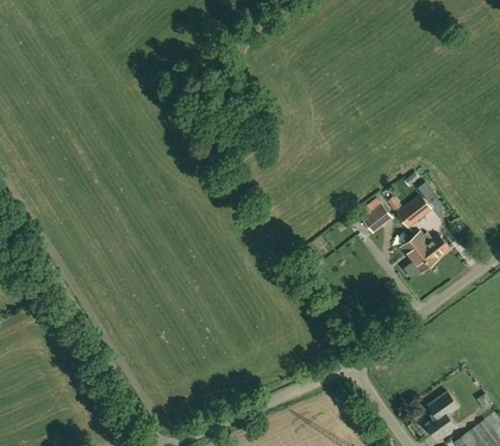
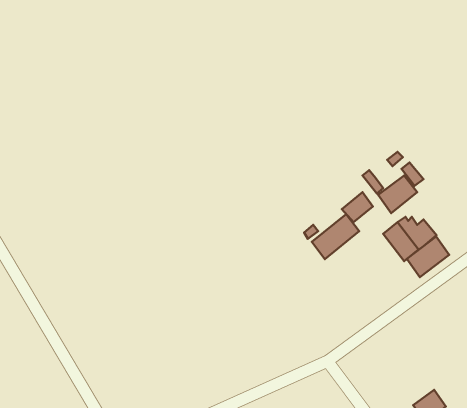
building: none -> [312,214,359,259]
building: none -> [407,237,449,277]

